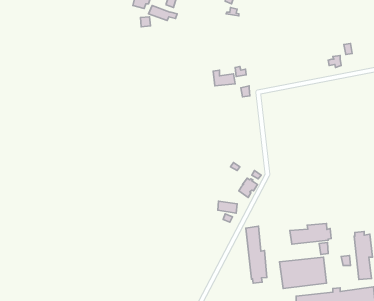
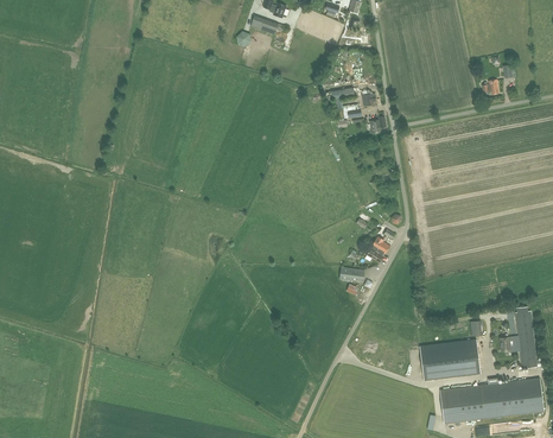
building: [290,223,331,244] -> none
building: [246,226,267,283] -> none

